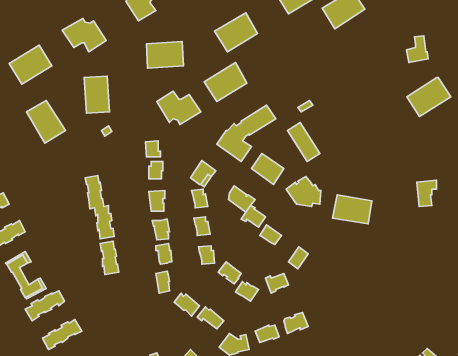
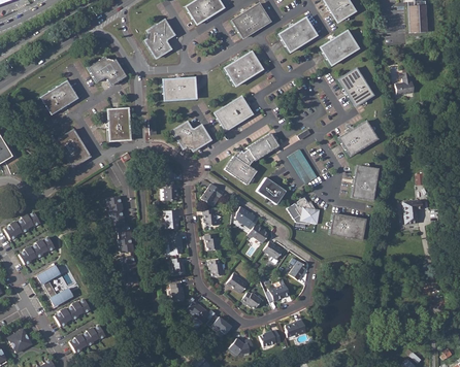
building: none -> [338,67,373,106]
building: [407,77,451,117] -> [337,121,376,156]
building: none -> [352,165,377,200]

